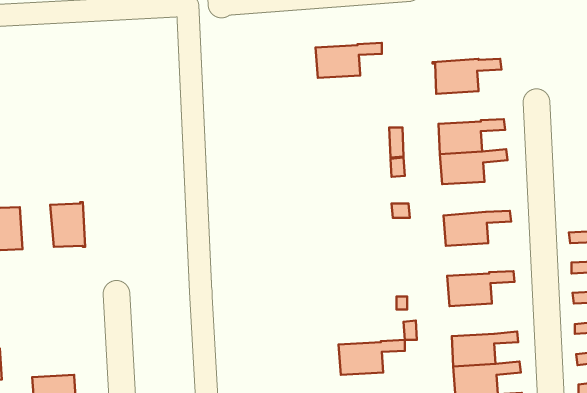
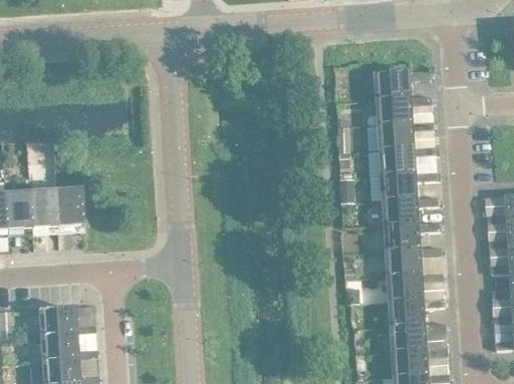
building: [315,43,382,78] -> [374,93,430,122]
building: none -> [379,169,435,199]
building: none -> [28,189,56,227]
building: none -> [382,220,438,249]
building: [339,340,405,375] -> [386,270,441,299]
building: none -> [36,305,94,333]

